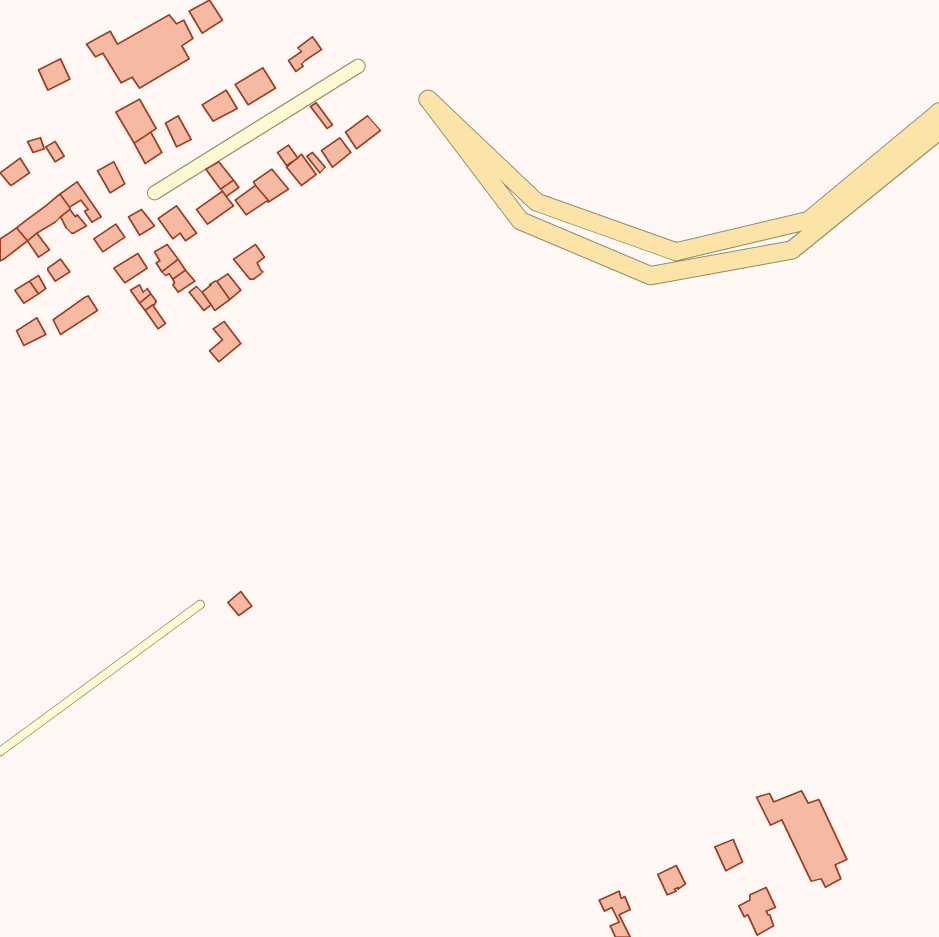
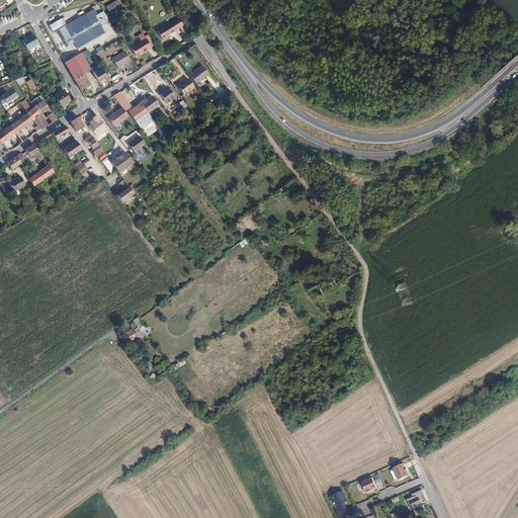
building: [757,791,847,887] -> none

